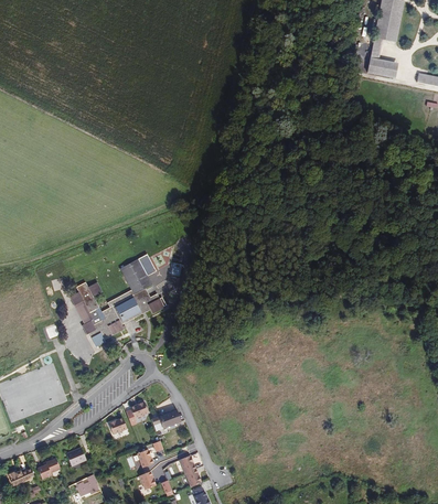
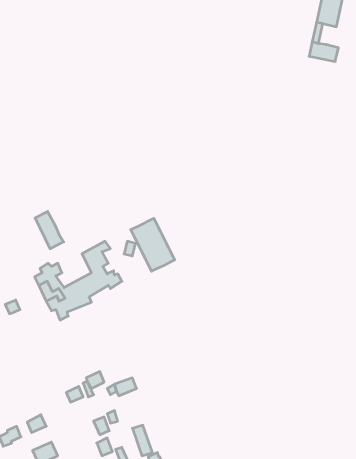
building: none -> [35,211,64,249]
building: none -> [131,218,175,271]

